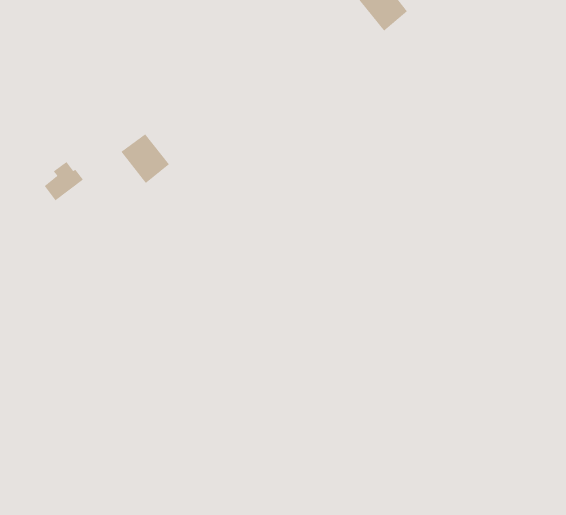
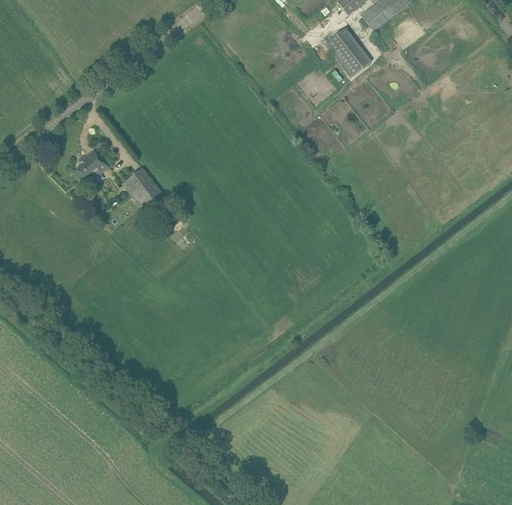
building: [44,161,84,201] -> [74,149,109,184]

